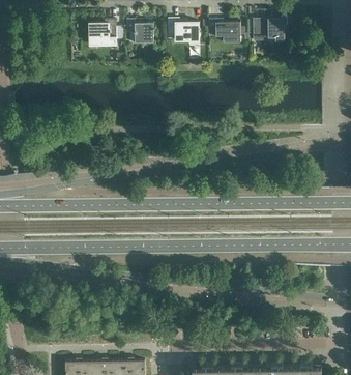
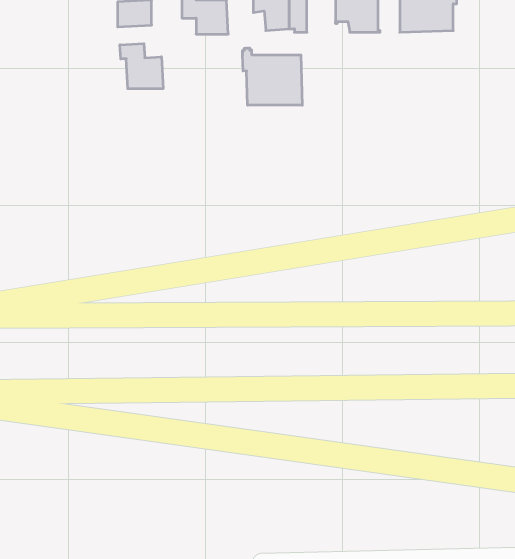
building: none -> [120,44,163,89]
building: none -> [242,48,302,105]

